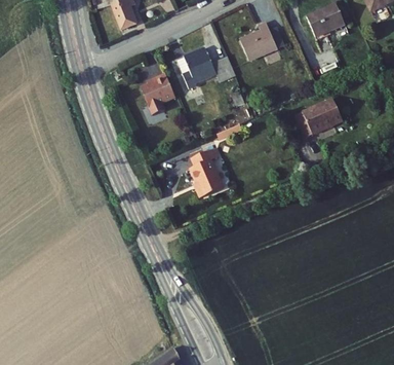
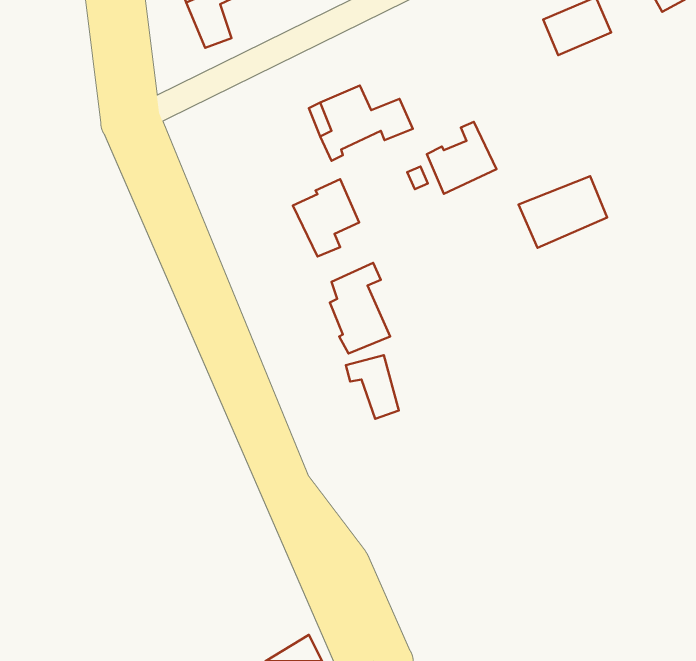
building: [239,22,277,61] -> [427,122,497,194]
building: [139,72,174,114] -> [293,179,359,257]
building: none -> [346,355,399,419]

